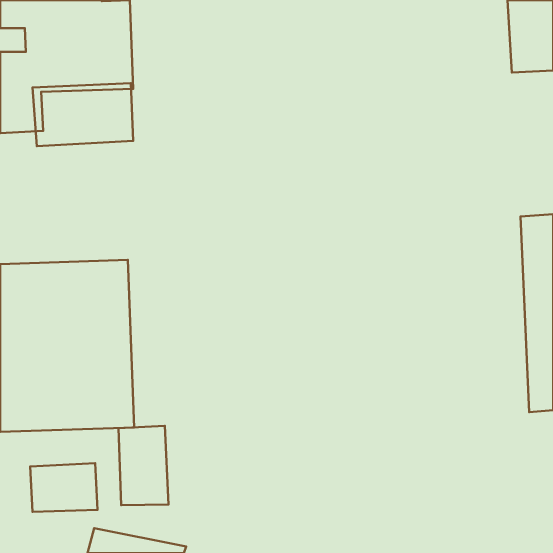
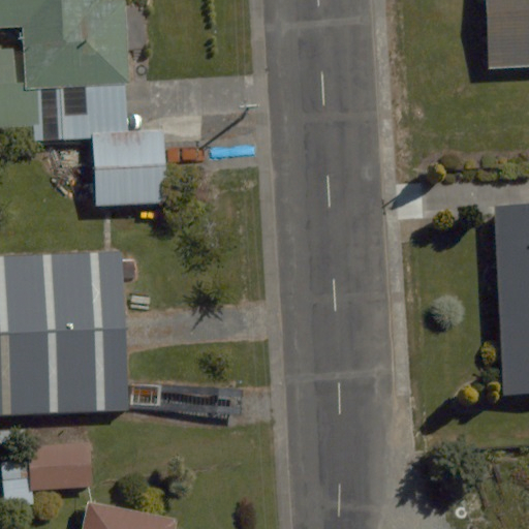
building: none -> [94,133,167,204]
building: [119,426,169,505] -> none

